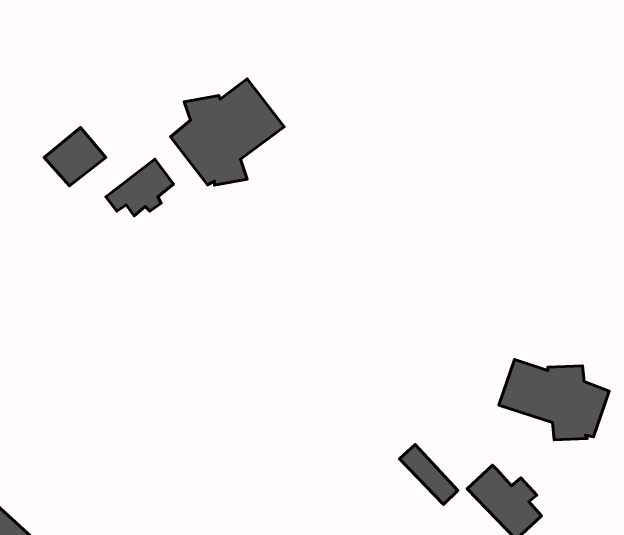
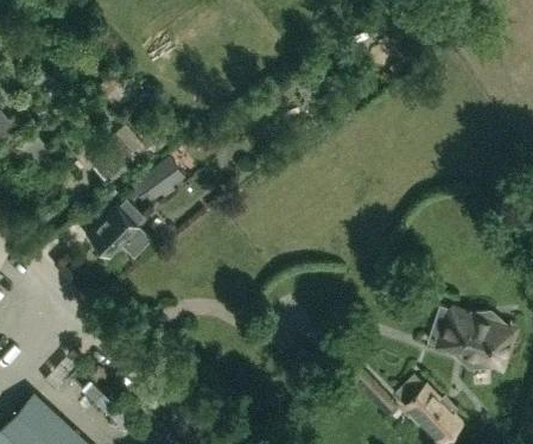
building: [170,79,284,185] -> none
building: none -> [89,201,152,259]

